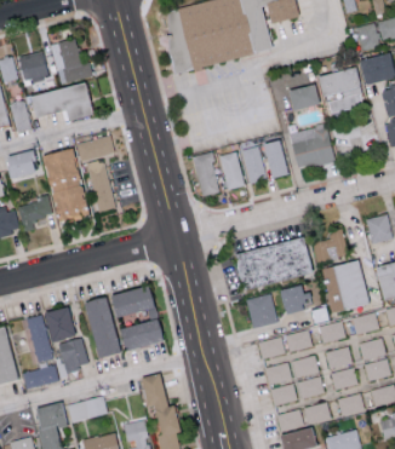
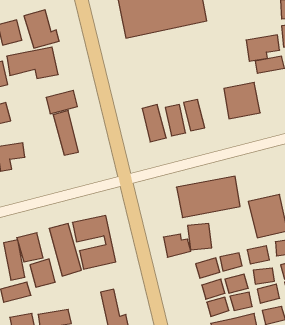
building: [287,82,319,109] -> none
building: [264,139,287,177] -> none
building: [42,146,86,219] -> none
building: [314,228,348,261] -> none
building: [280,284,313,312] -> [163,234,191,257]

